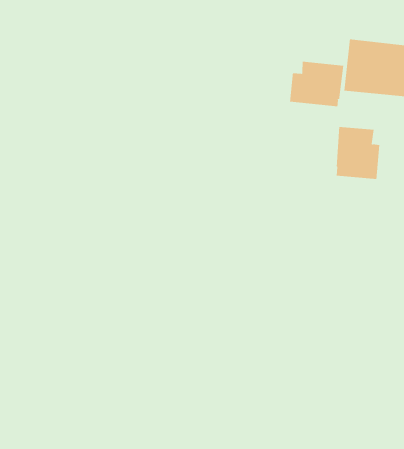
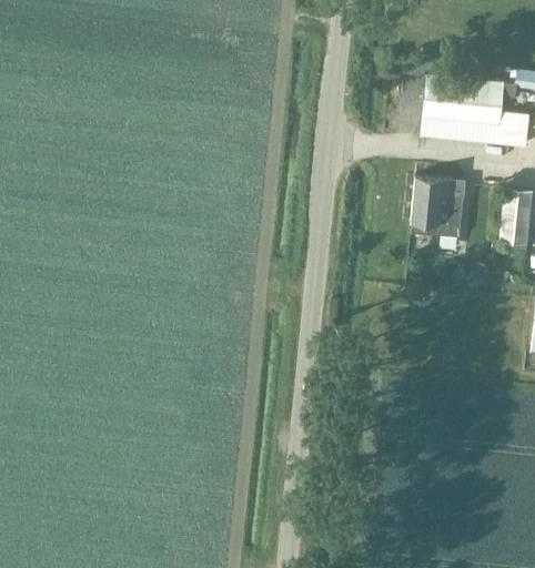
building: [289,61,344,107] -> none

